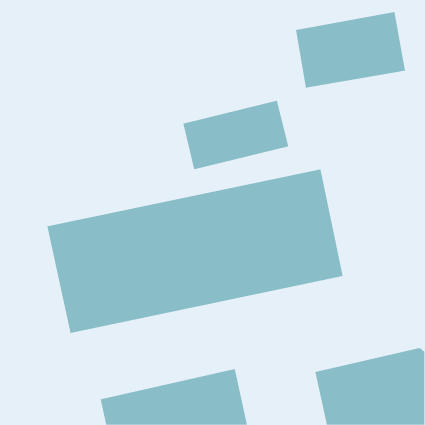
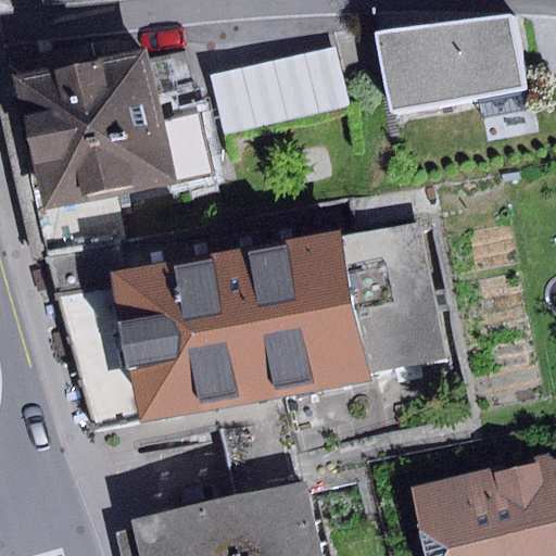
building: none -> [10,48,216,213]
building: [183,100,289,170] -> [217,38,356,129]

